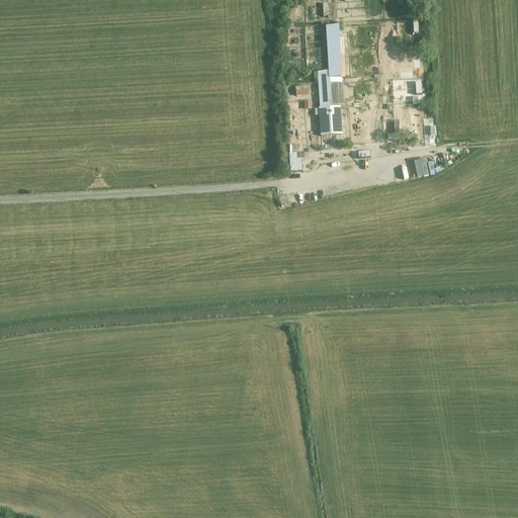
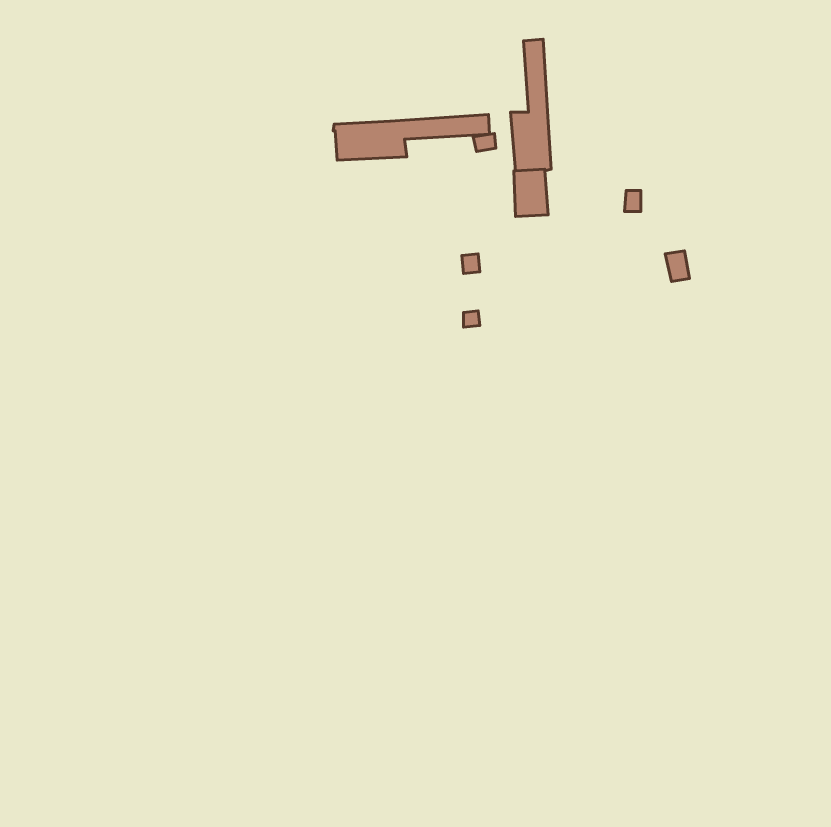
building: none -> [333,115,489,160]

